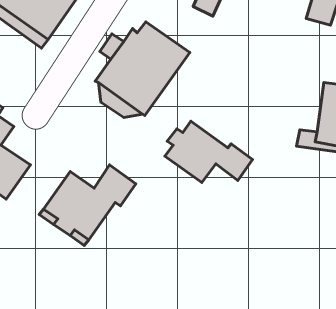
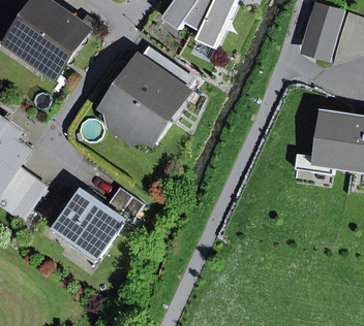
building: [165,121,253,183] -> none

